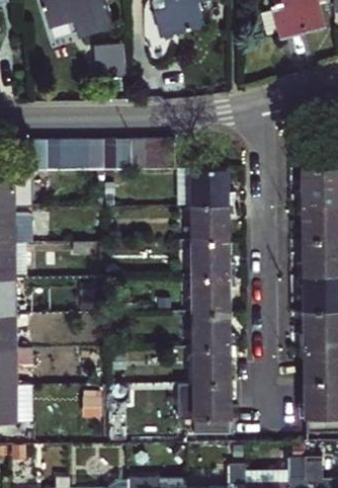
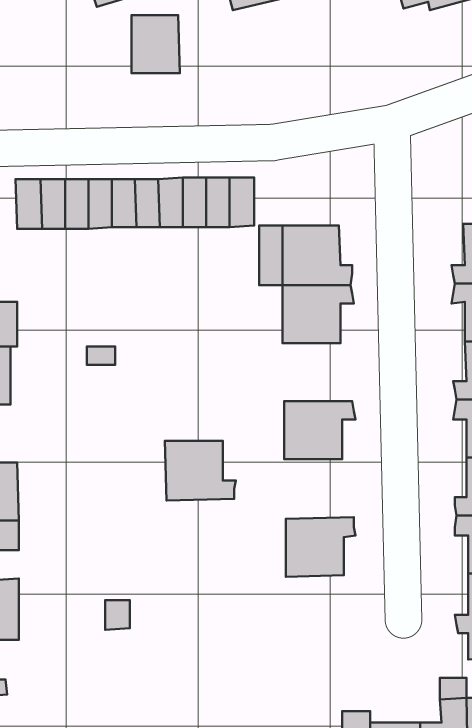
building: [192,240,236,275] -> none
building: [193,311,237,347] -> [165,441,236,501]
building: [194,382,238,434] -> none

